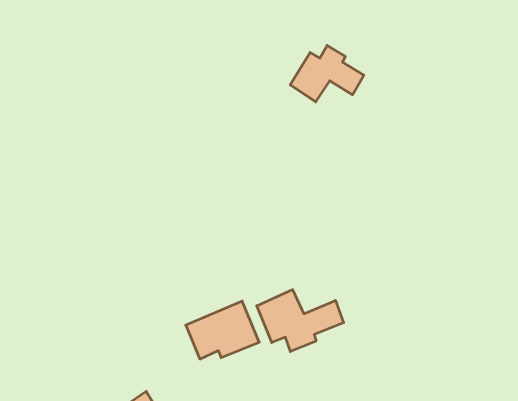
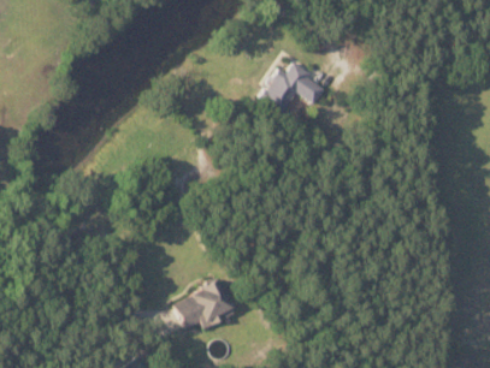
building: [257,290,344,352] -> none

